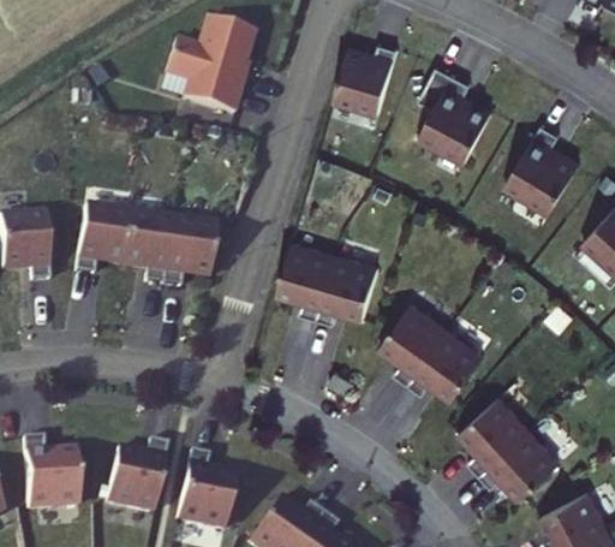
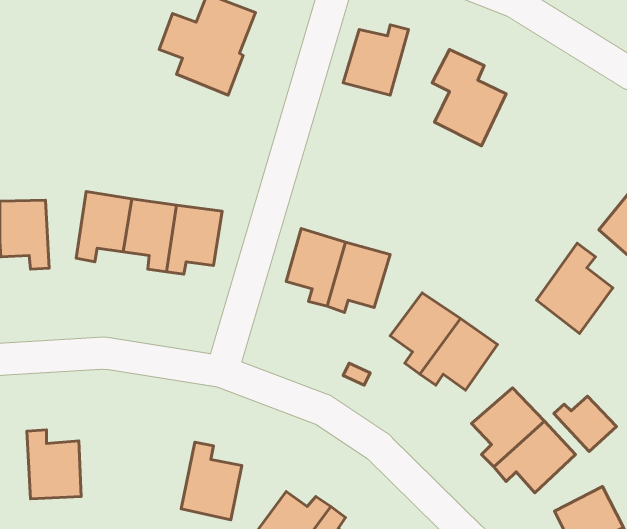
building: [503,126,578,214] -> [536,243,613,333]
building: none -> [554,396,617,451]
building: [108,440,168,510] -> none

